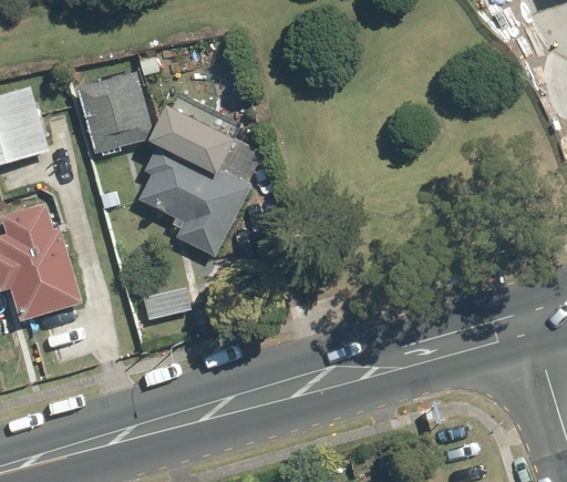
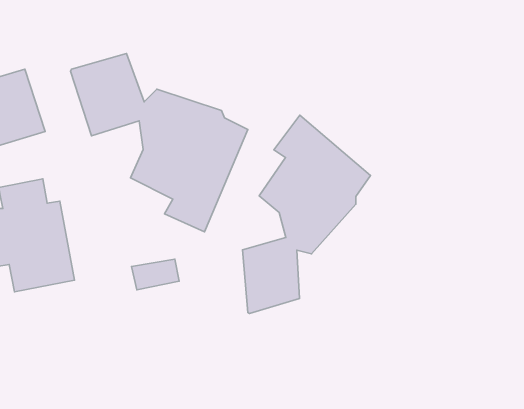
building: none -> [242,115,371,314]

